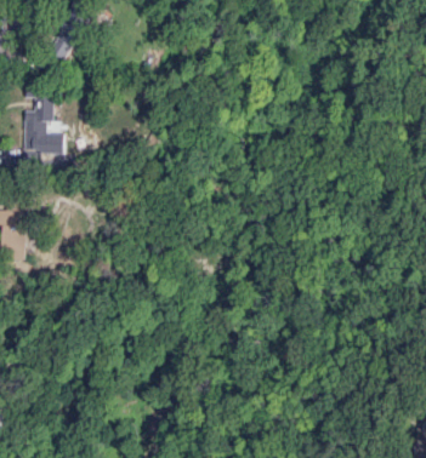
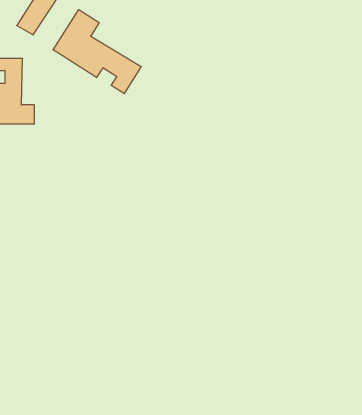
building: none -> [53,10,141,94]

